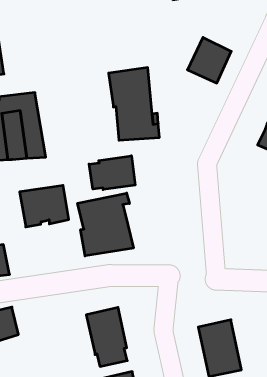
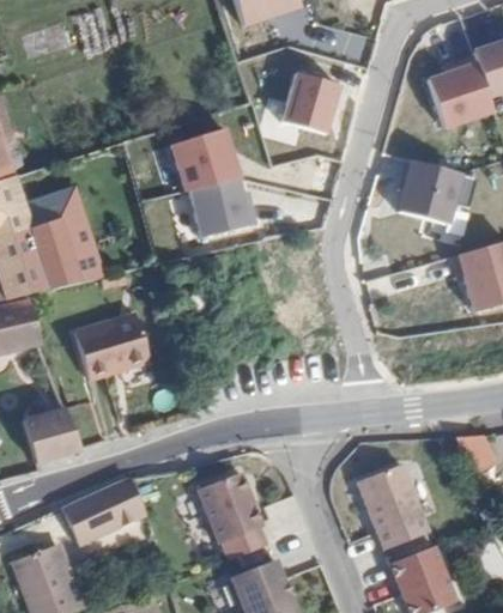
building: [89,156,135,190] -> none
building: [78,193,133,256] -> none
building: none -> [90,477,145,533]

